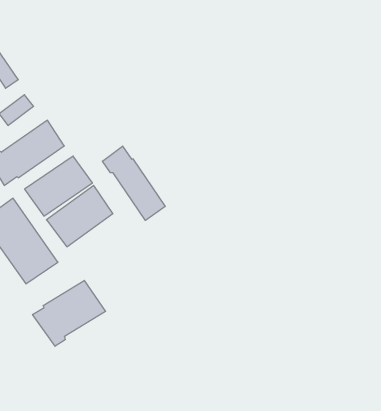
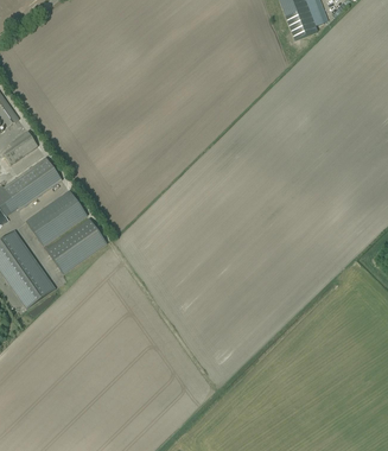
building: [102,146,165,220] -> none
building: [33,280,106,346] -> none

